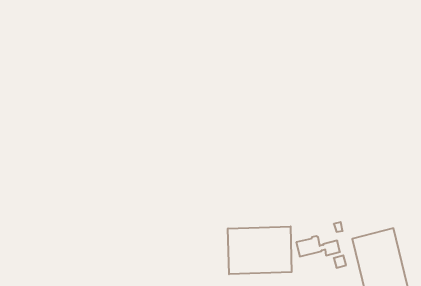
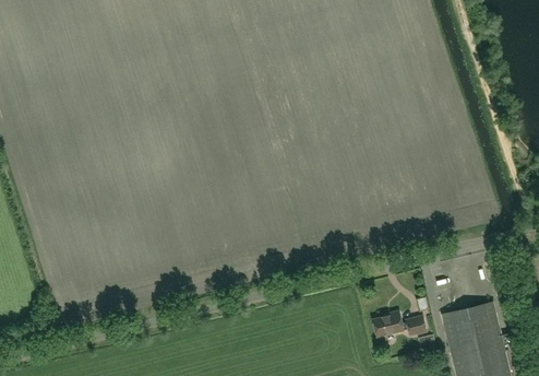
building: [228,226,292,274] -> none

